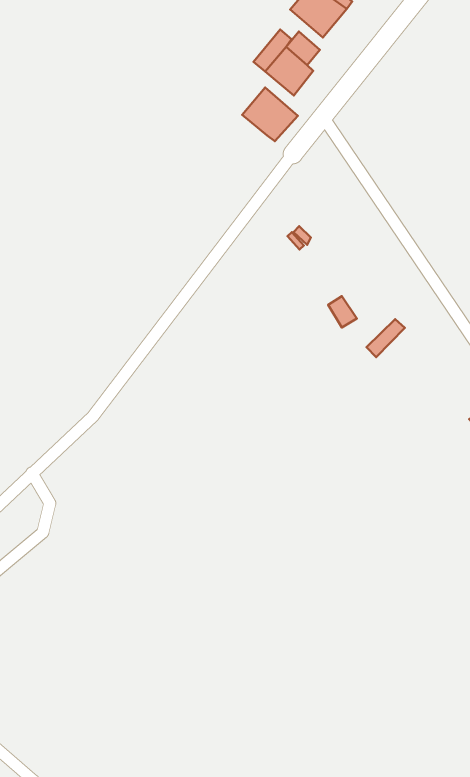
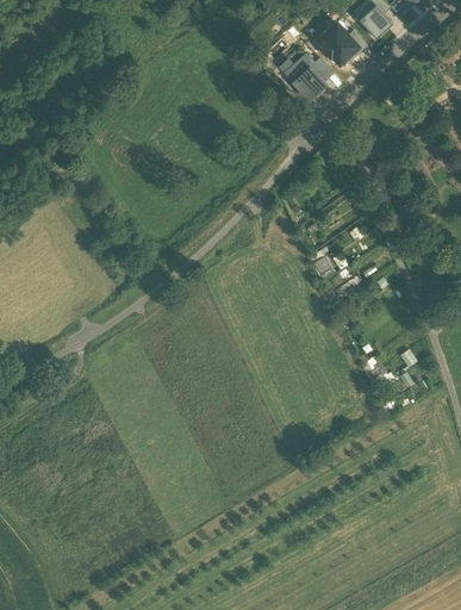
building: [242,88,298,141] -> none

